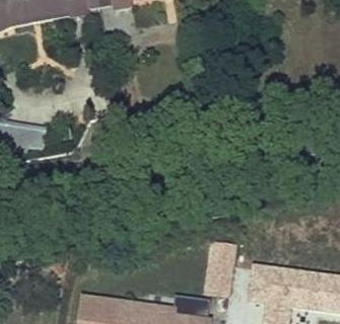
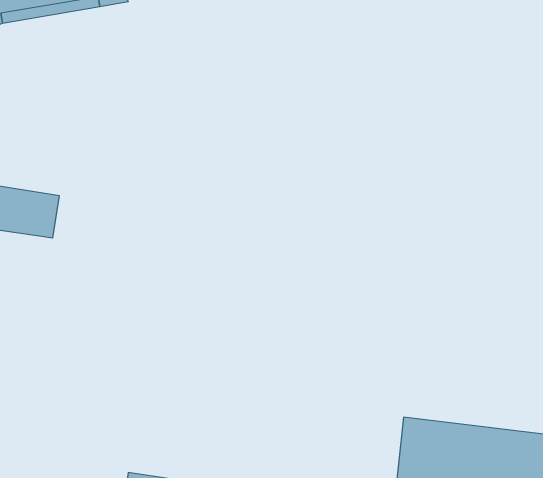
building: [206,243,236,296] -> none

